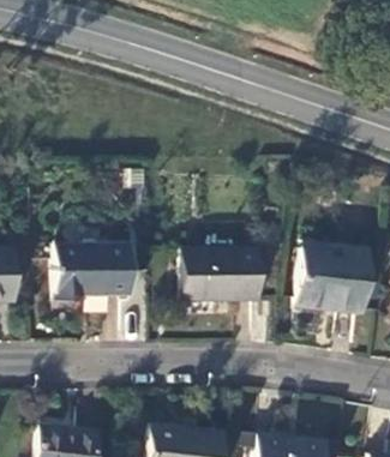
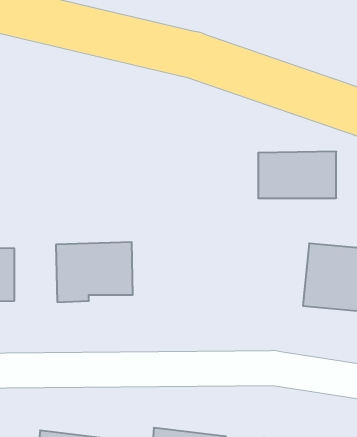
building: [182,252,259,297] -> [258,152,336,198]

